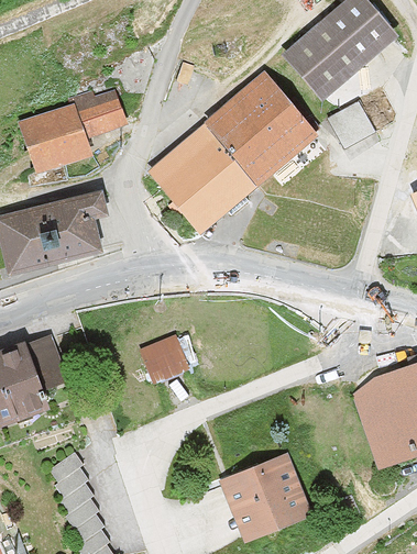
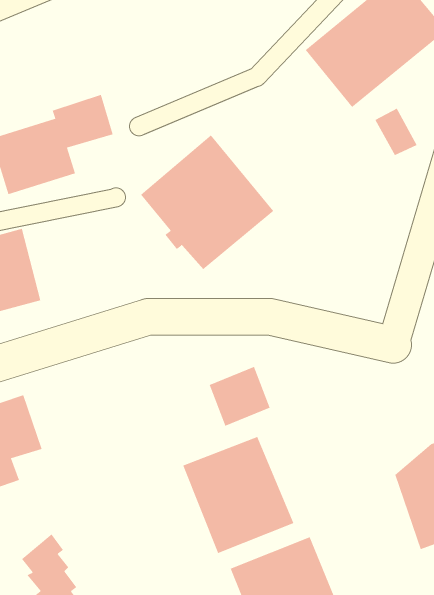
building: [206,71,319,186] -> none
building: [51,188,109,259] -> none
building: [139,334,189,384] -> [209,366,271,427]
building: none -> [182,436,294,554]

